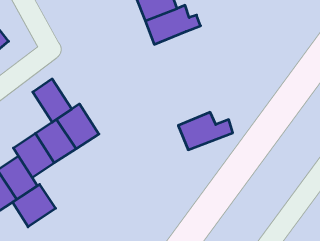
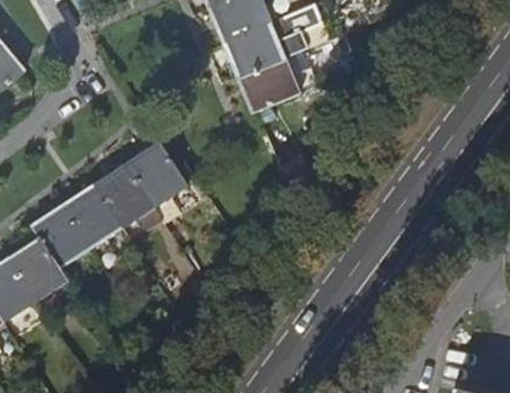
building: [33,79,72,122] -> [129,143,186,206]
building: [178,112,233,150] -> [238,56,318,111]
building: [13,184,56,227] -> none

